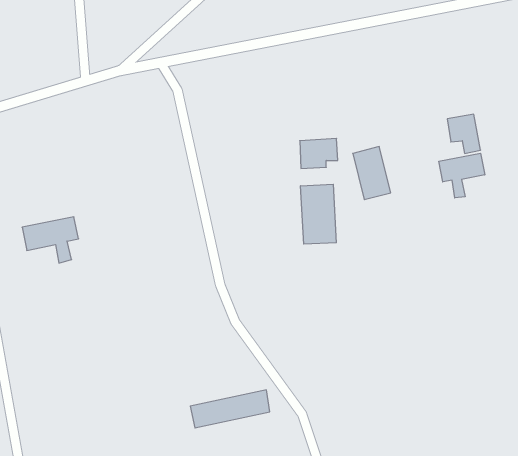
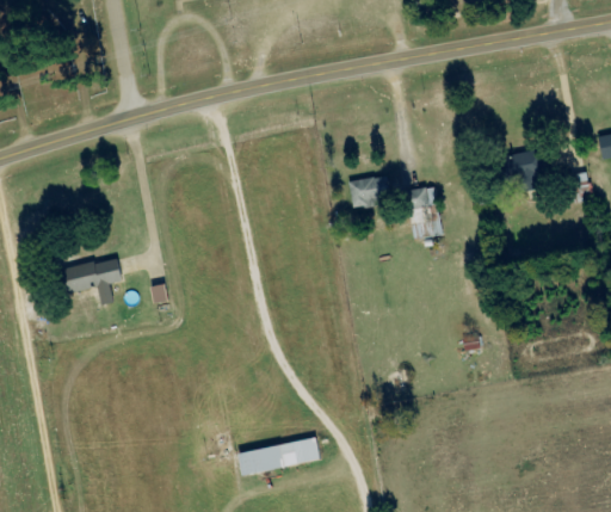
building: [439,153,485,198] -> none
building: [301,184,336,244] -> none

